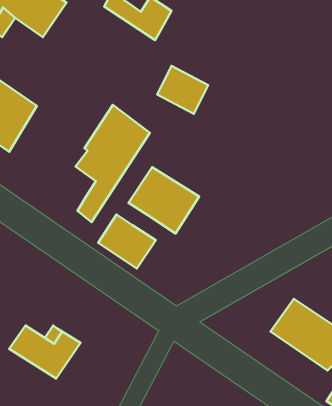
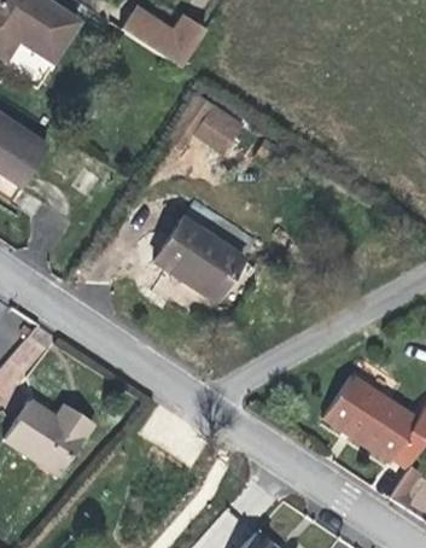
building: [76,105,150,222] -> none
building: [98,214,156,269] -> none

